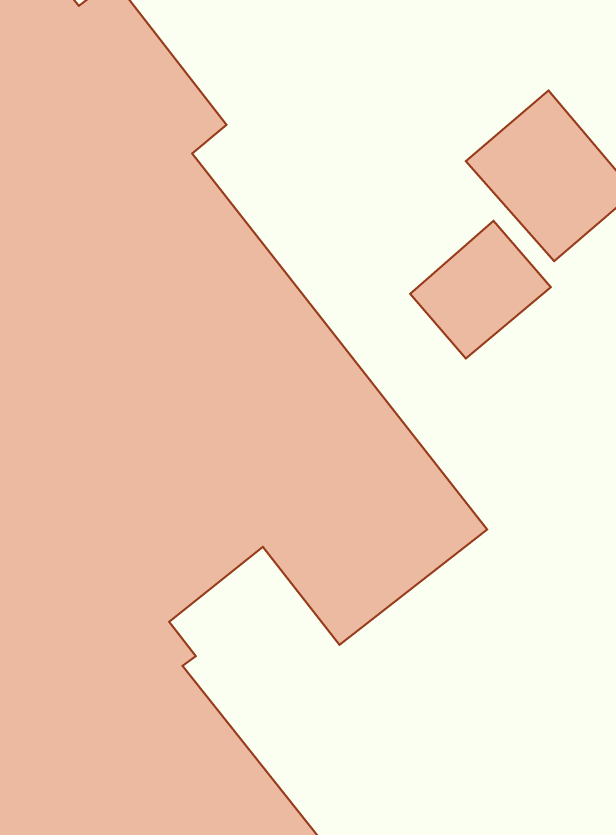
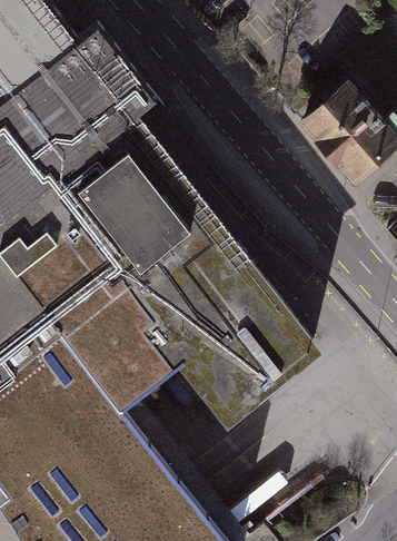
building: [410,221,551,358] -> none

